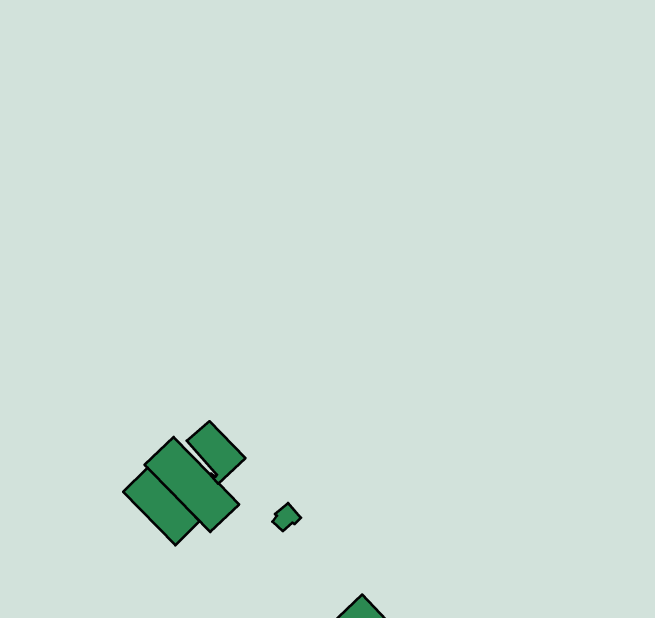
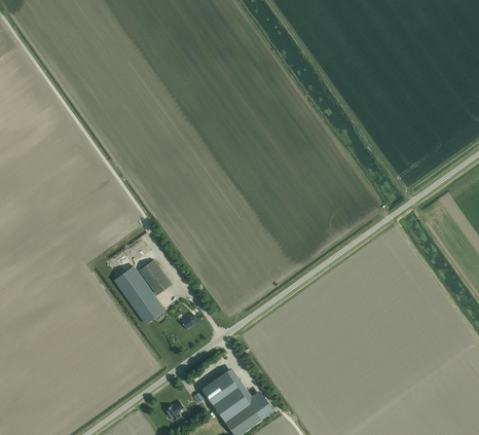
building: [123,468,200,545] -> none

